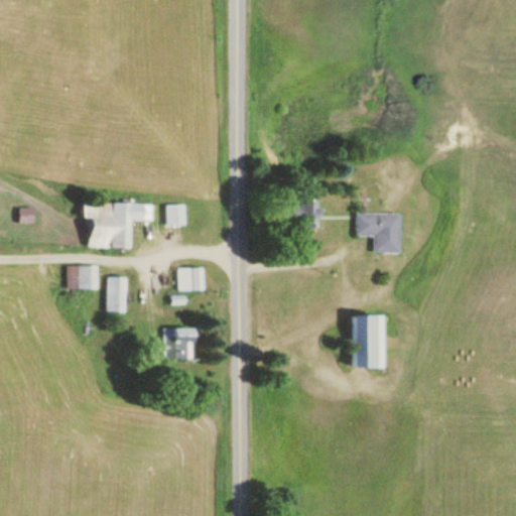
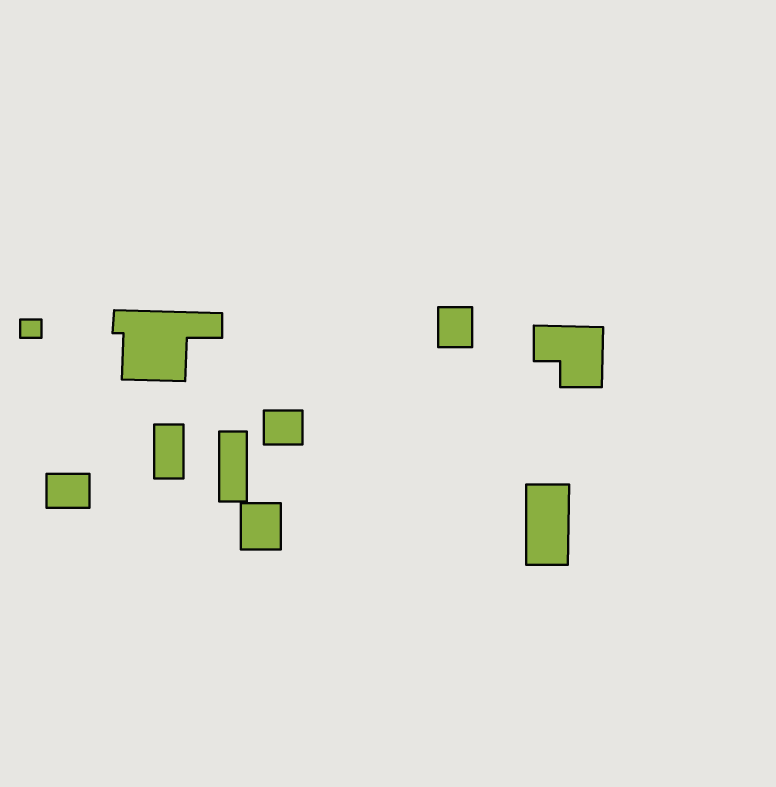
building: [167,205,188,226] -> none
building: [70,266,98,288] -> [46,474,90,508]
building: none -> [219,432,247,501]

